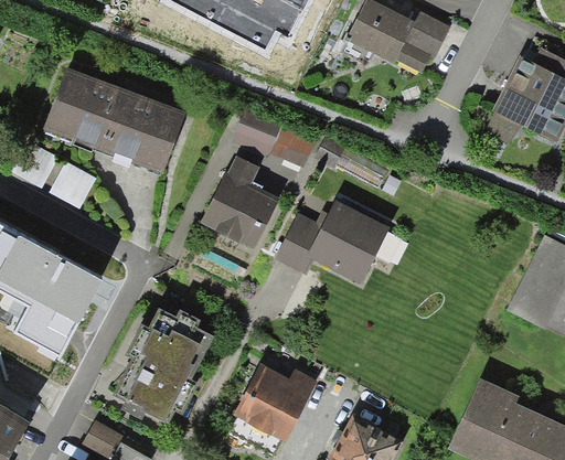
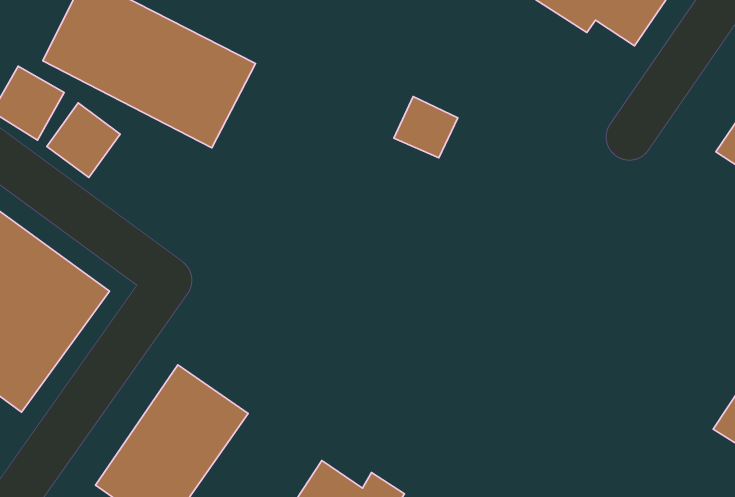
building: [202,156,278,248] -> none
building: [275,202,387,284] -> none

